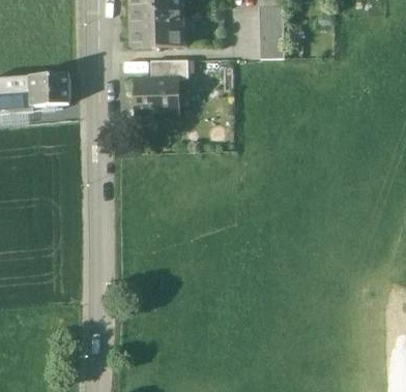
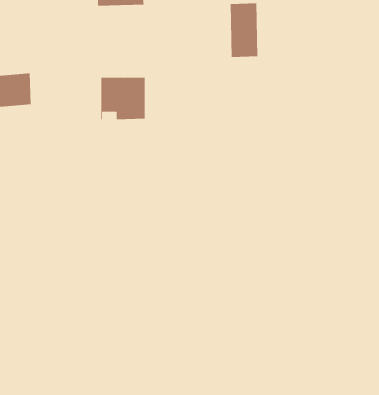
building: [132,7,183,46] -> none
building: [157,58,188,80] -> none

